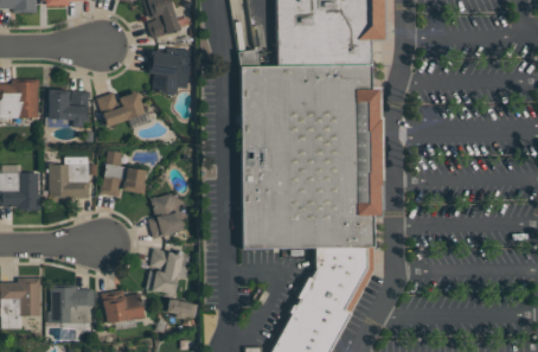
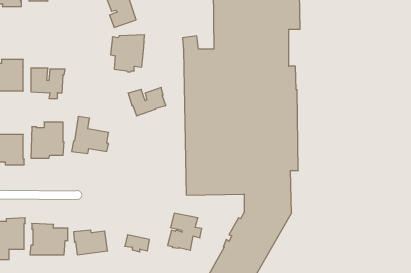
building: [97,91,145,127] -> [128,87,166,116]
building: [149,194,184,239] -> none
building: [146,249,188,295] -> [168,213,202,250]

